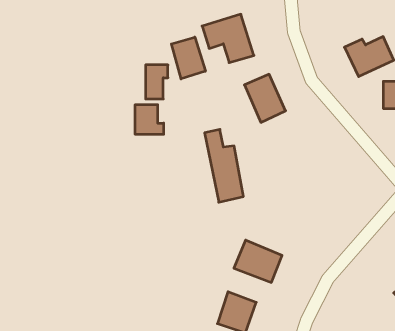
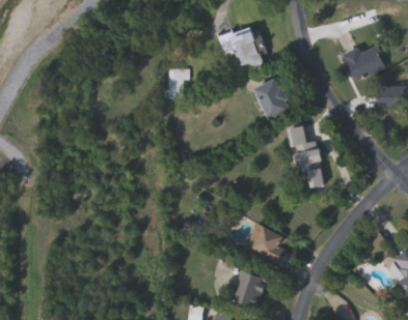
building: [171,37,205,79] -> none
building: [135,105,164,134] -> none
building: [205,129,243,202] -> [292,126,326,191]

